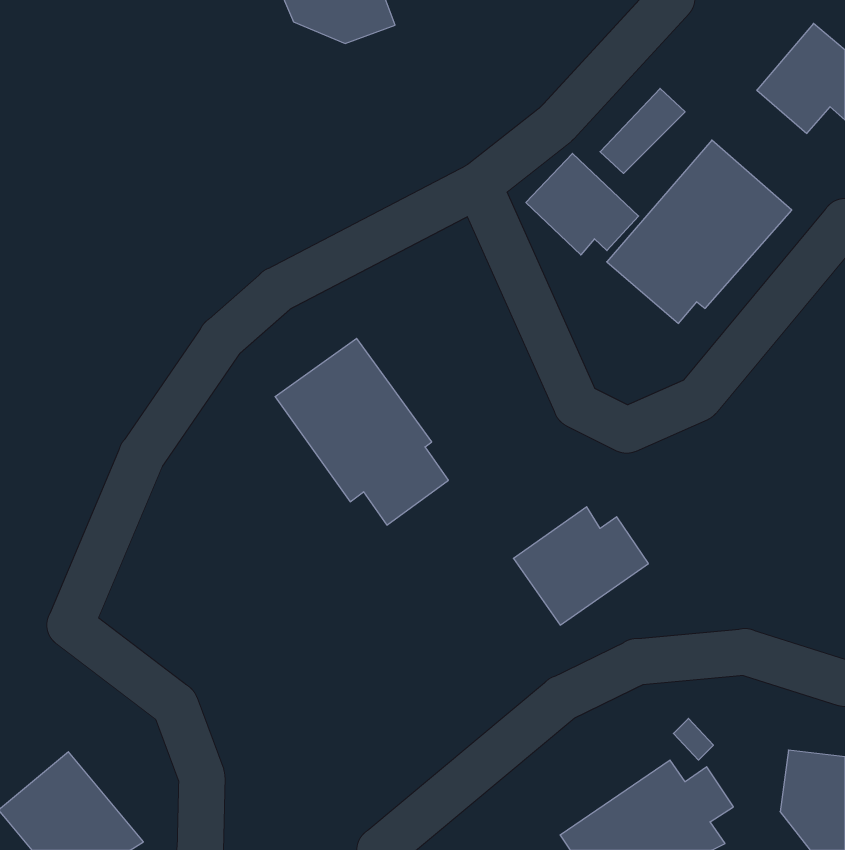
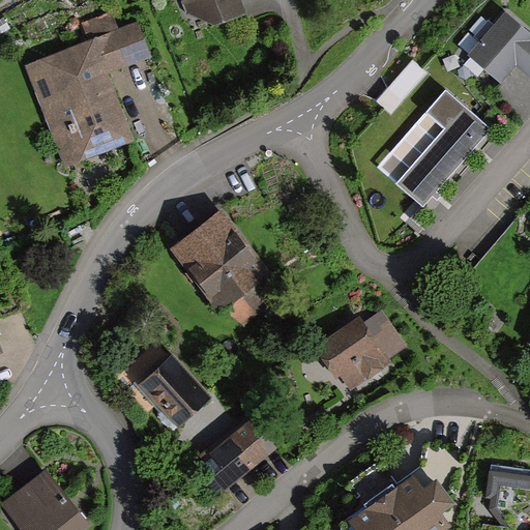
building: none -> [25,18,147,170]
building: [526,153,639,255] -> none
building: none -> [121,347,209,426]
building: none -> [199,418,277,492]

